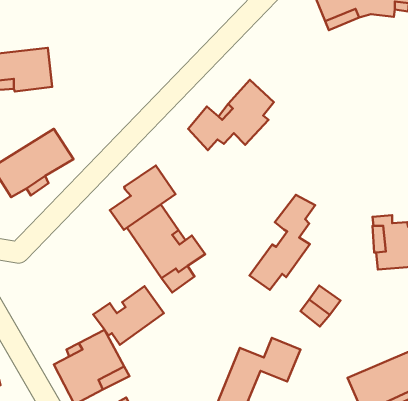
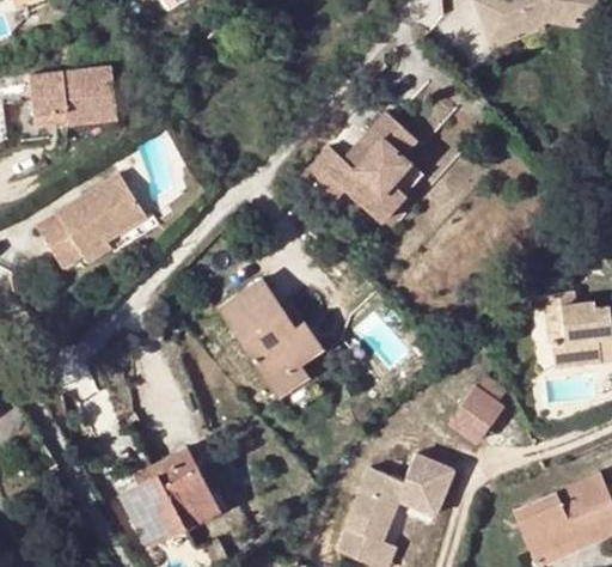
building: none -> [349,164,423,225]
building: [110,165,176,230] -> none
building: [249,195,315,290] -> none
building: [93,286,164,345] -> none

